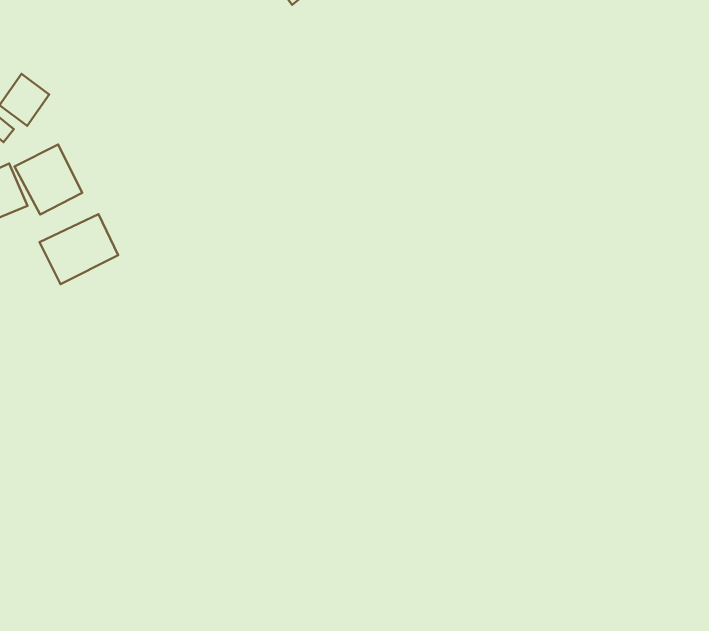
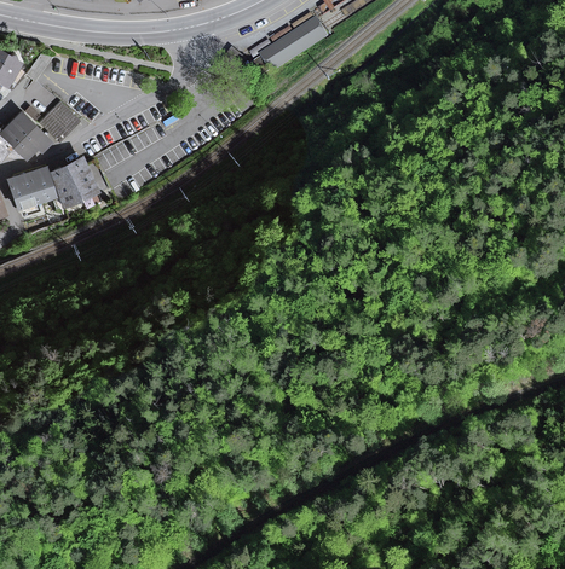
building: [39,214,118,284] -> none

